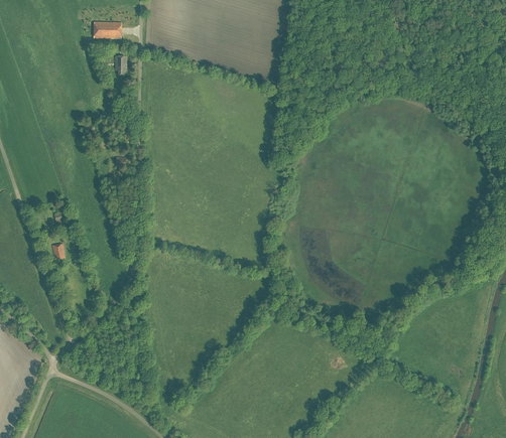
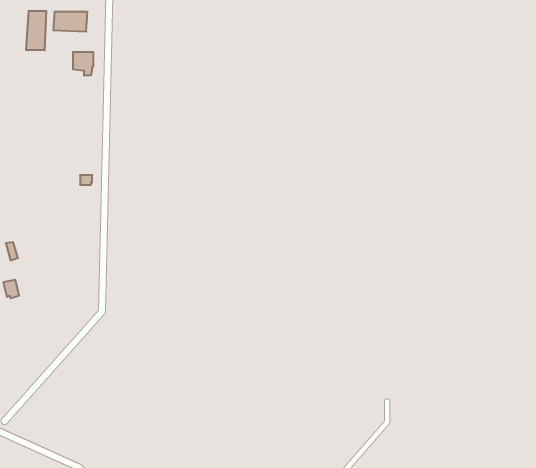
building: none -> [26,11,46,50]

